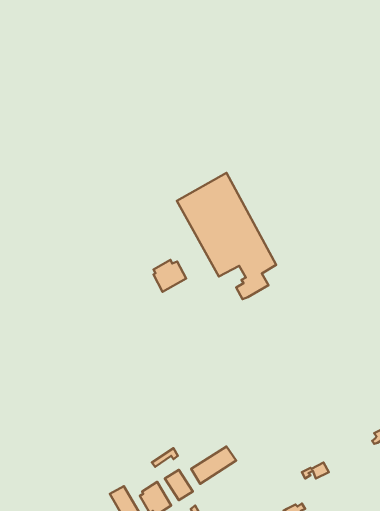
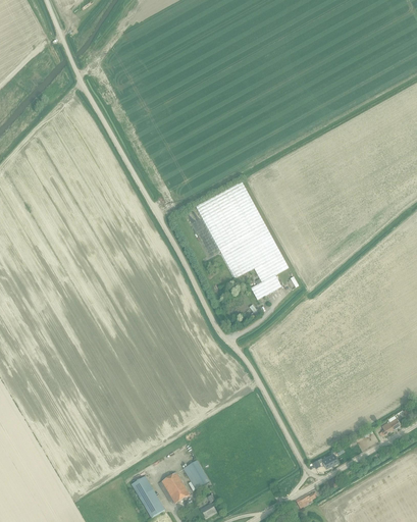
building: [154,260,186,292] -> none
building: [191,446,236,484] -> none

